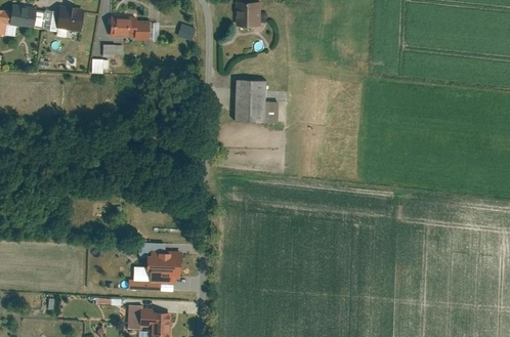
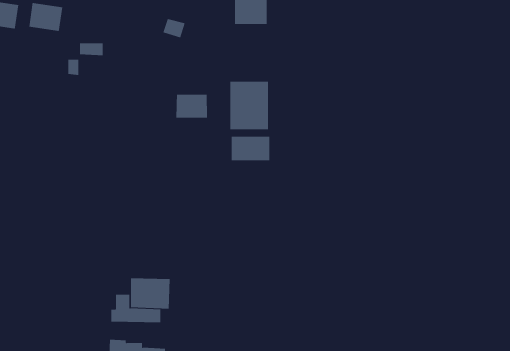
building: [111,17,152,41] -> none
building: none -> [176,94,208,118]
building: none -> [231,136,270,161]

